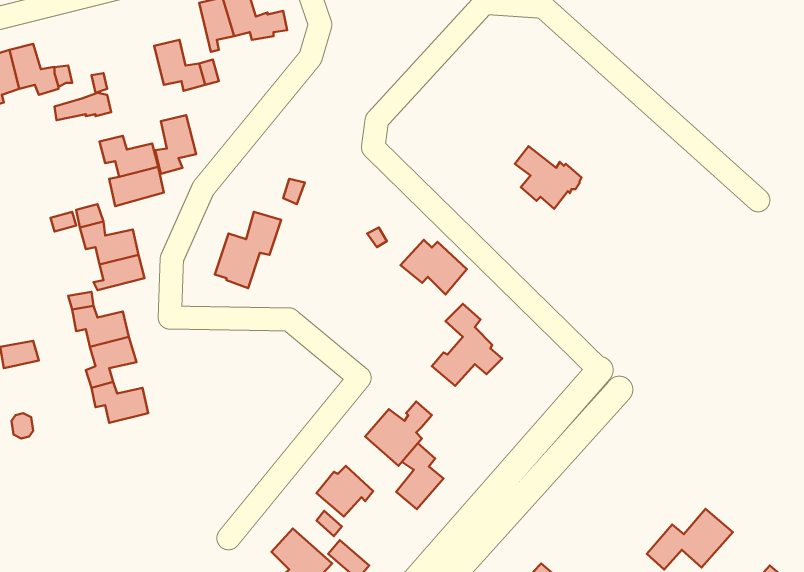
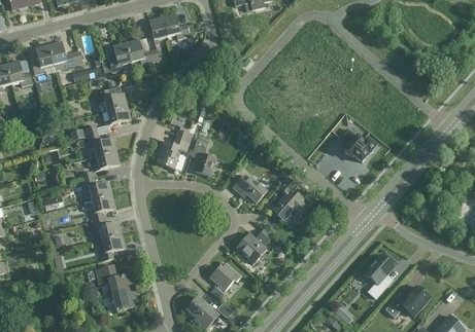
building: [155,115,196,174] -> [108,41,130,72]
building: [515,146,581,209] -> [340,128,375,161]
building: none -> [191,137,214,176]
building: [401,240,467,295] -> [232,174,267,202]
building: none -> [99,234,125,260]
building: [396,443,443,509] -> none
building: none -> [363,253,394,298]
building: none -> [95,264,137,310]

